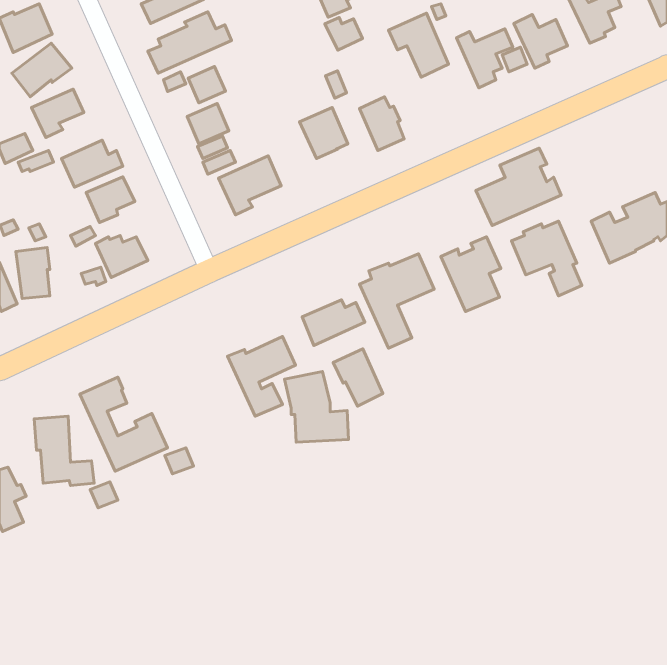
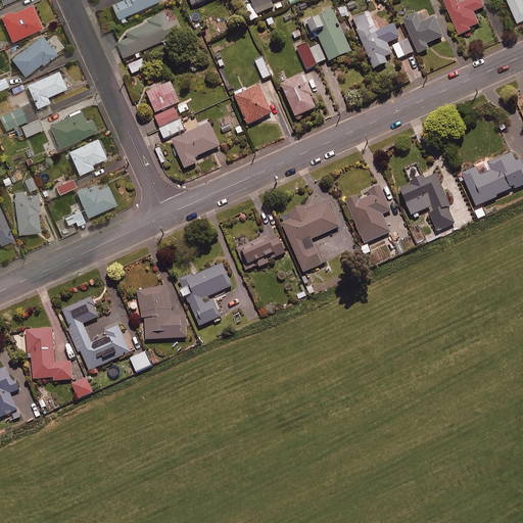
building: [325,17,363,50] -> [295,42,325,67]
building: [188,66,225,103] -> none
building: [476,148,561,225] -> none
building: [333,349,383,406] -> none
building: [284,371,349,442] -> [136,284,186,339]

